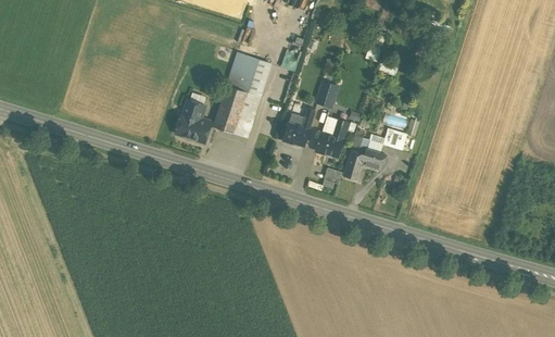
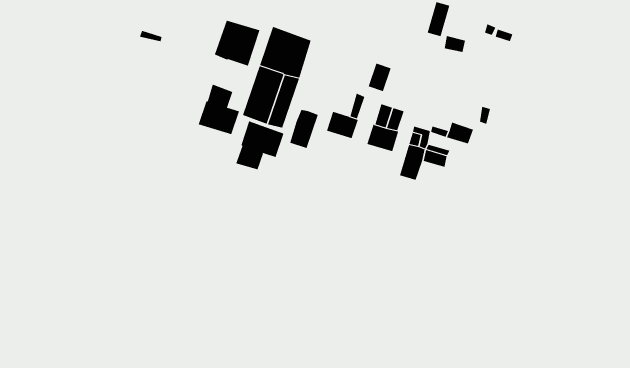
building: none -> [214,20,260,67]
building: none -> [289,109,318,149]
building: none -> [235,120,284,170]

